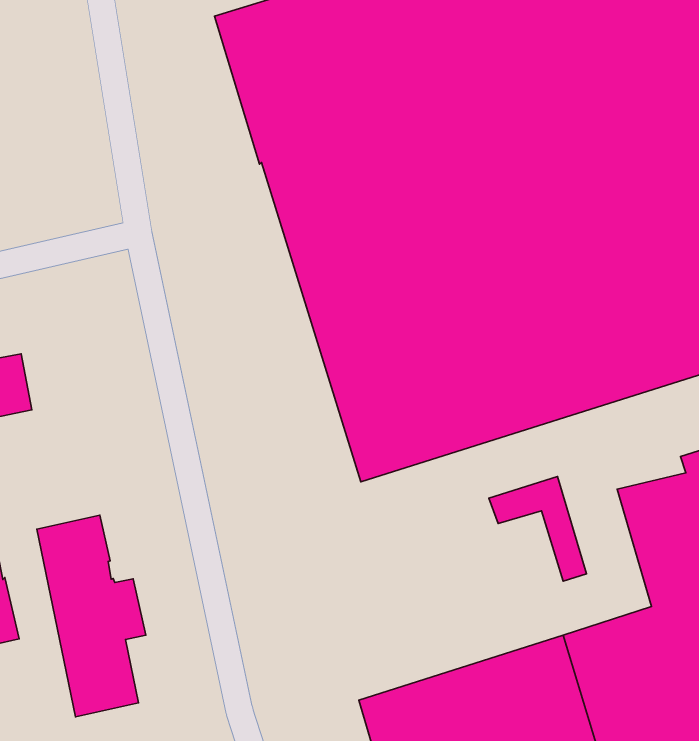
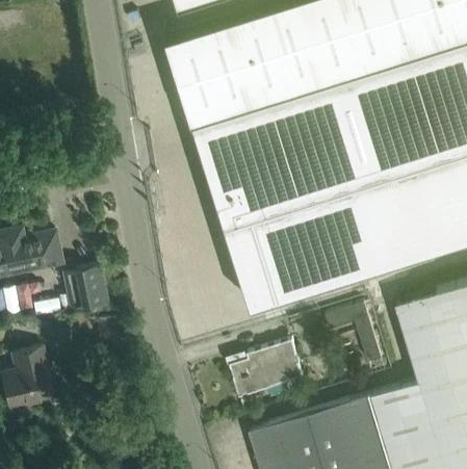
building: none -> [66,266,106,312]
building: [37,515,146,717] -> none
building: none -> [229,340,303,397]

